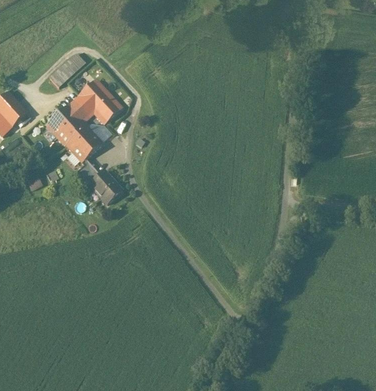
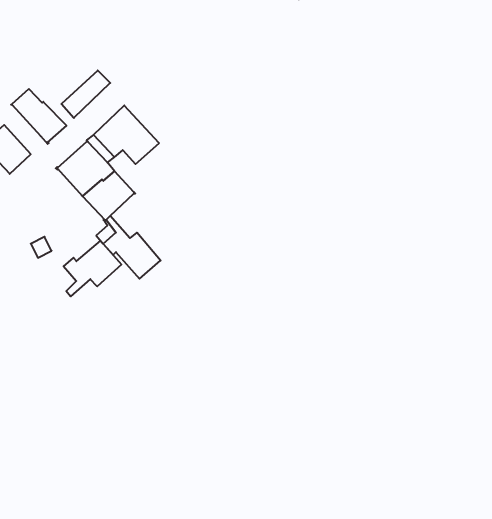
building: none -> [11,89,66,144]
building: none -> [64,241,121,296]

